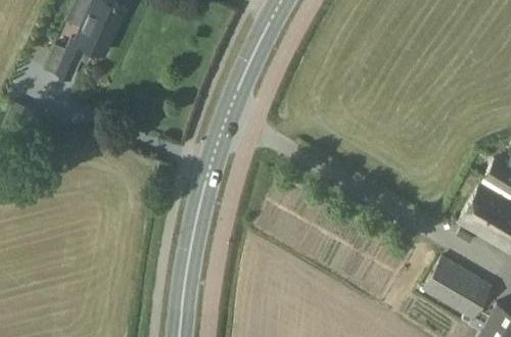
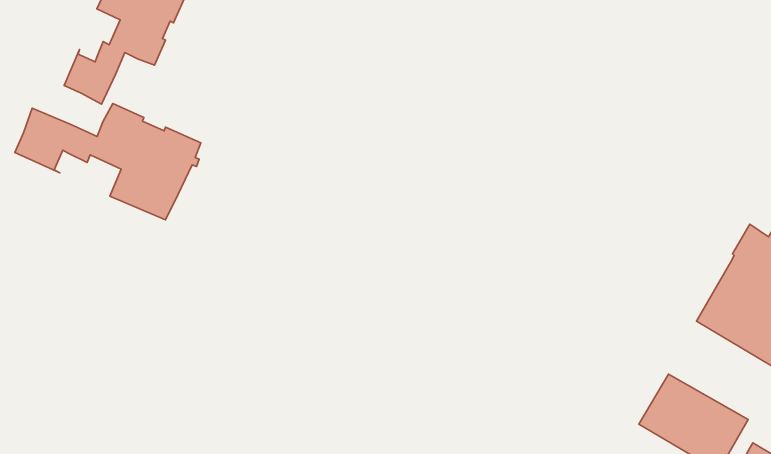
building: none -> [15,104,201,220]

